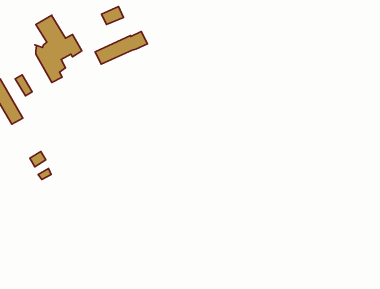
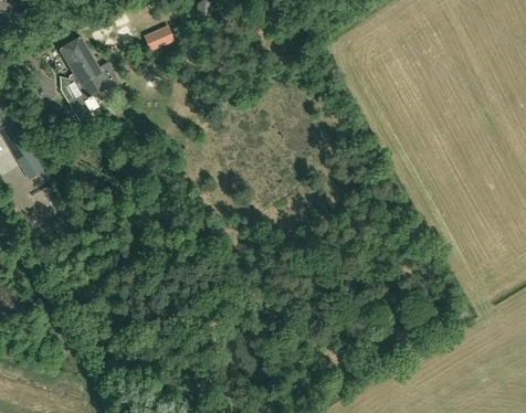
building: [95,32,147,64] -> none

